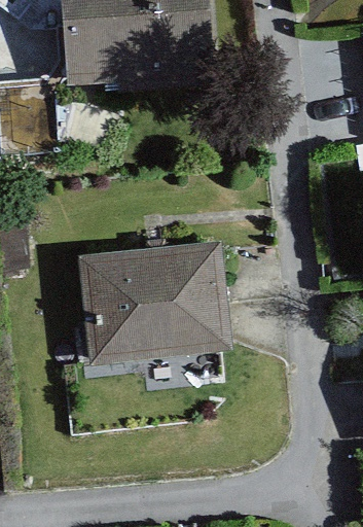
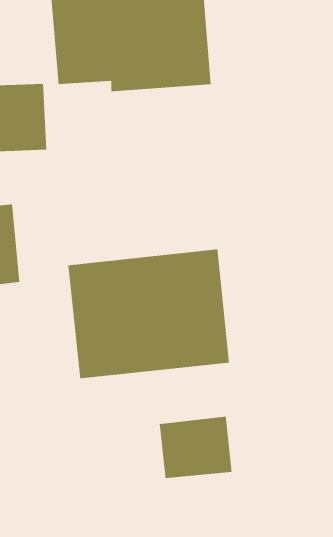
building: none -> [159,416,232,479]

